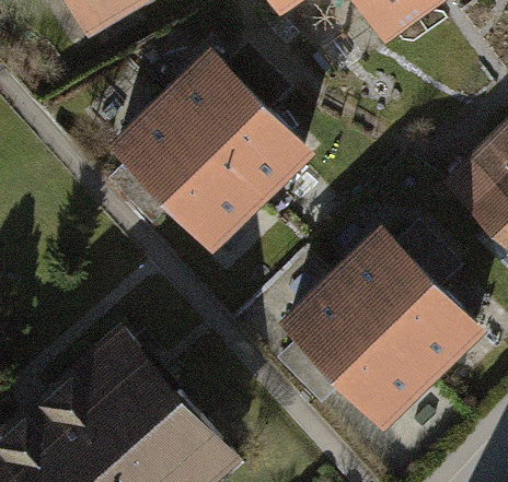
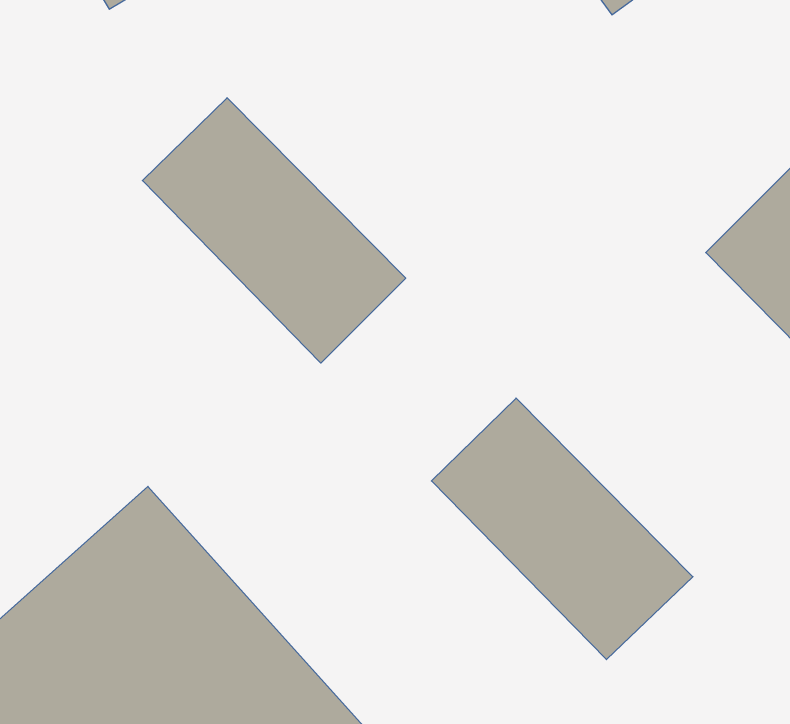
building: [158,45,315,202] -> none
building: [330,223,485,379] -> none

